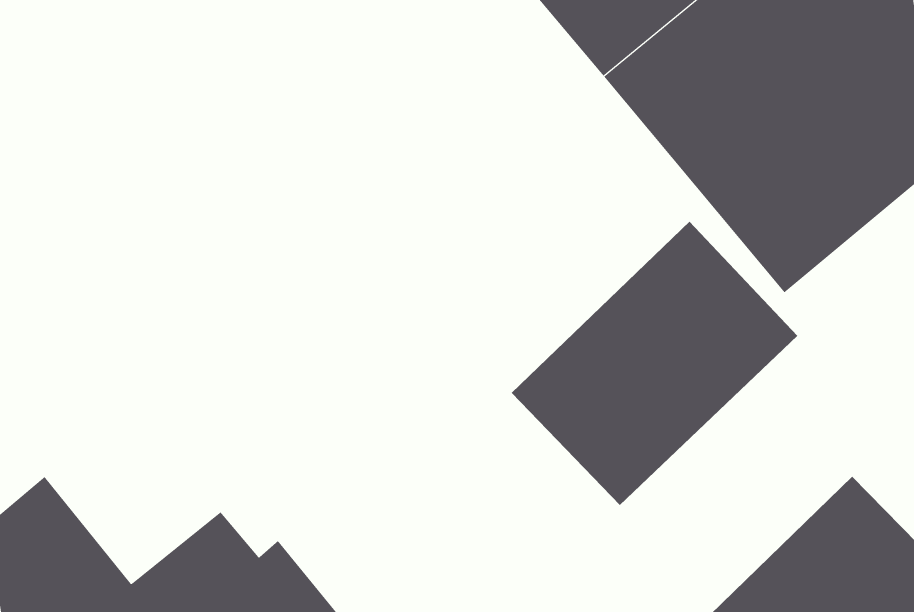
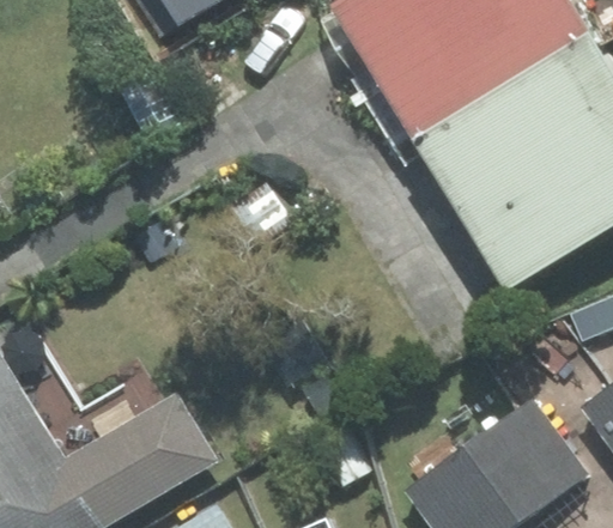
building: [511,221,798,506] -> none

